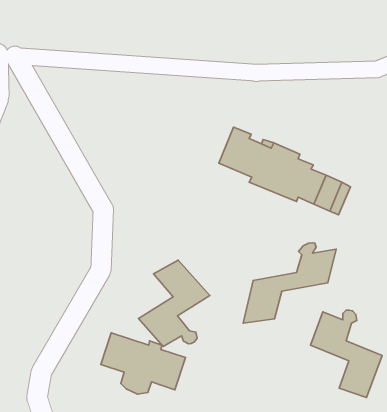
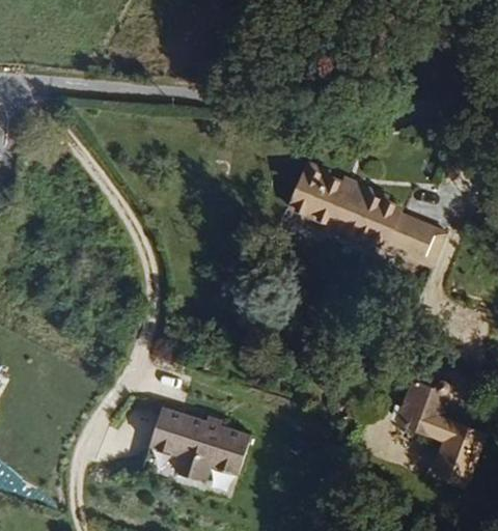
building: [243,243,336,323] -> none
building: [138,260,210,347] -> none

